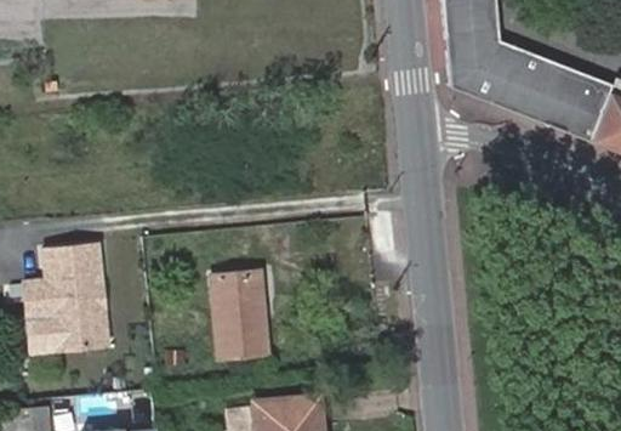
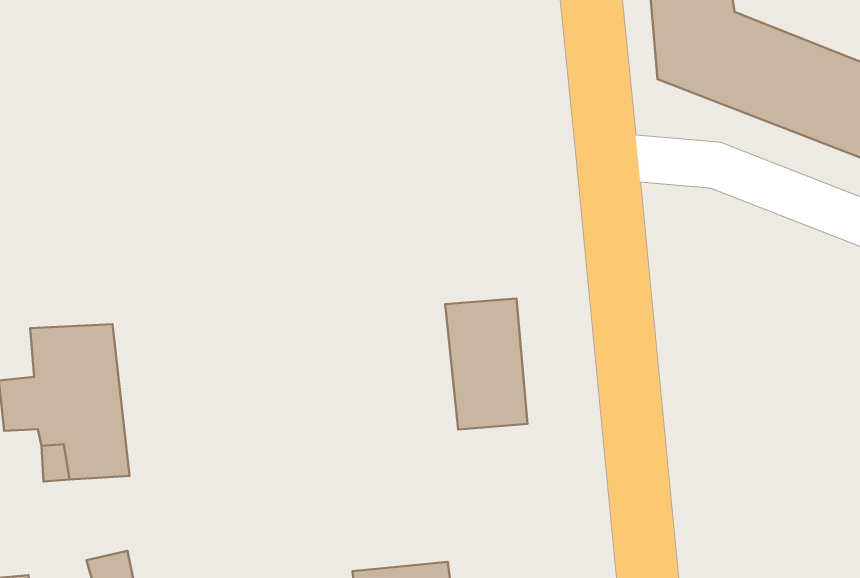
building: [212,273,266,358] -> [445,299,528,430]

